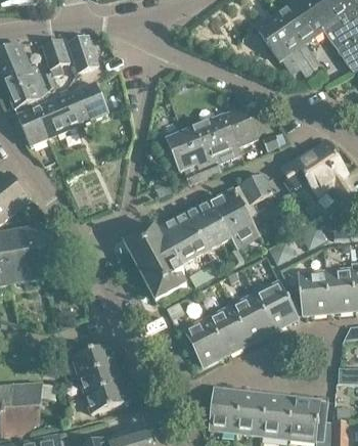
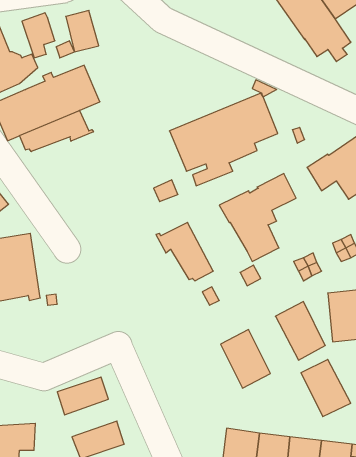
building: none -> [20,110,93,152]
building: [181,199,231,255] -> none
building: [123,224,187,300] -> none
building: [232,293,274,341] -> [301,359,351,417]
building: [183,316,227,365] -> none
building: [78,362,122,394] -> none

